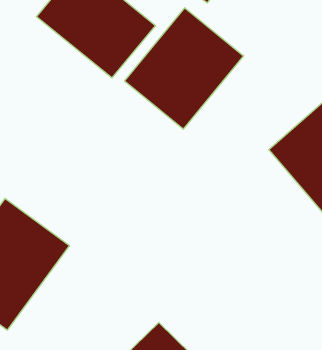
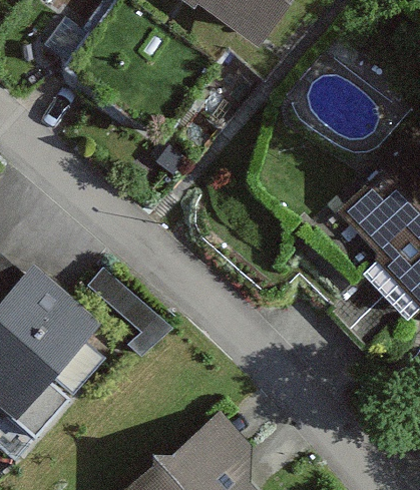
building: [125,8,244,129] -> none

